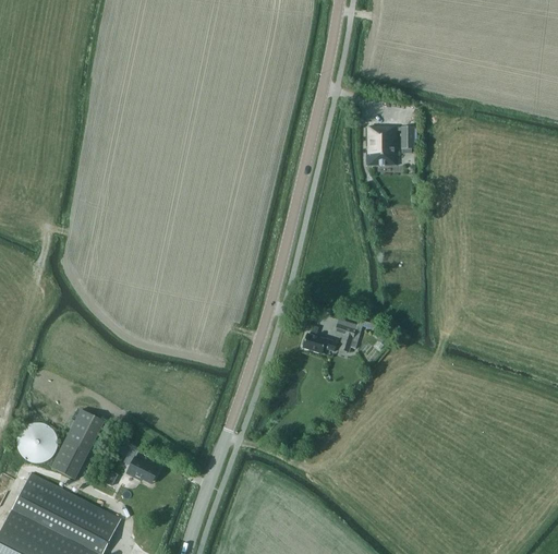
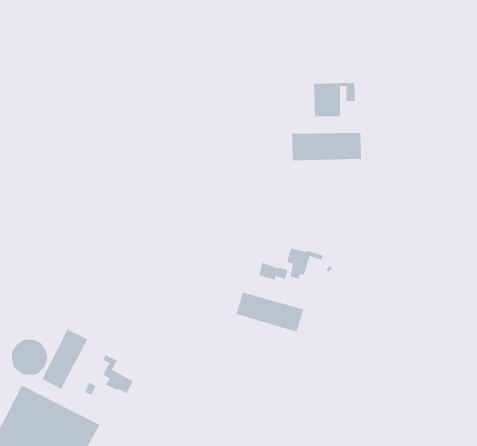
building: none -> [292,132,361,161]
building: none -> [236,292,304,332]

